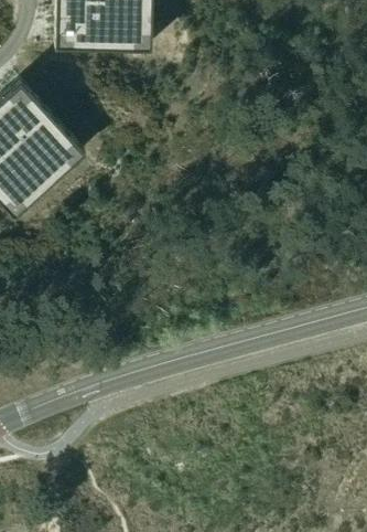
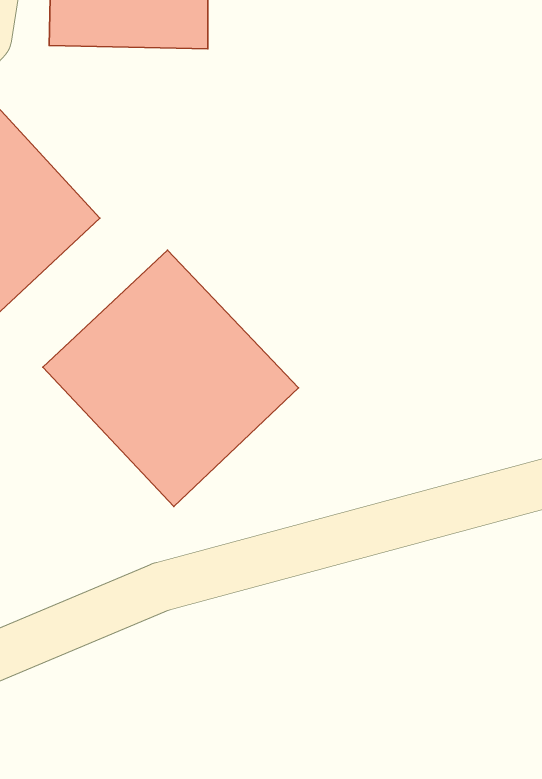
building: none -> [43,250,299,507]

